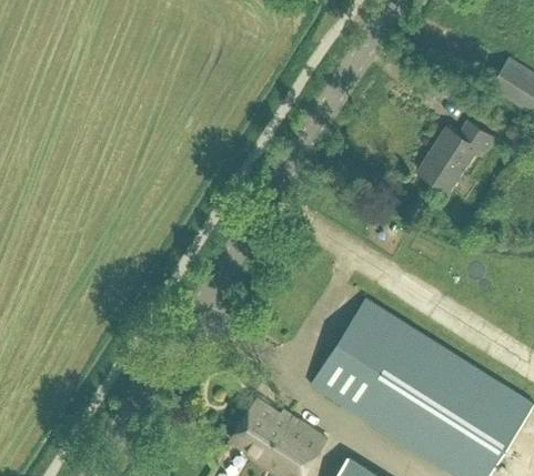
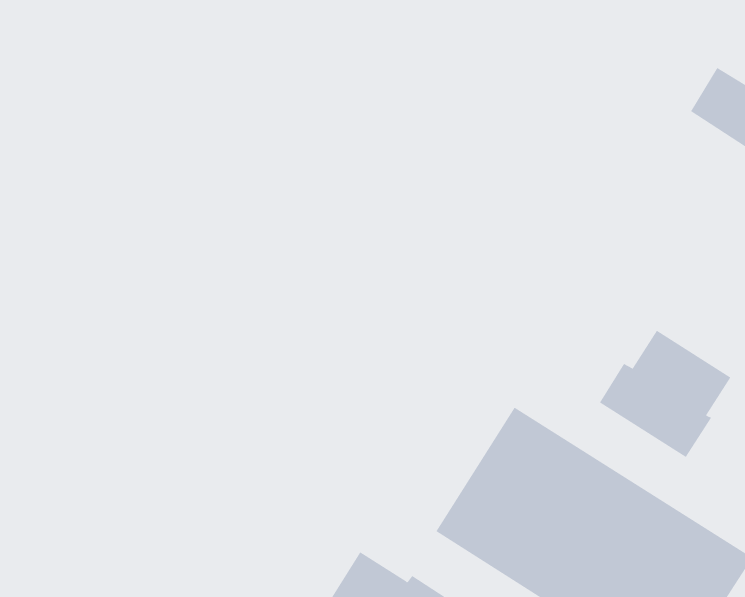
building: [419,123,494,192] -> none
building: none -> [599,330,731,458]

